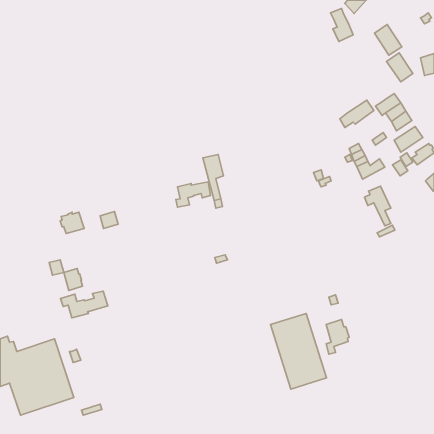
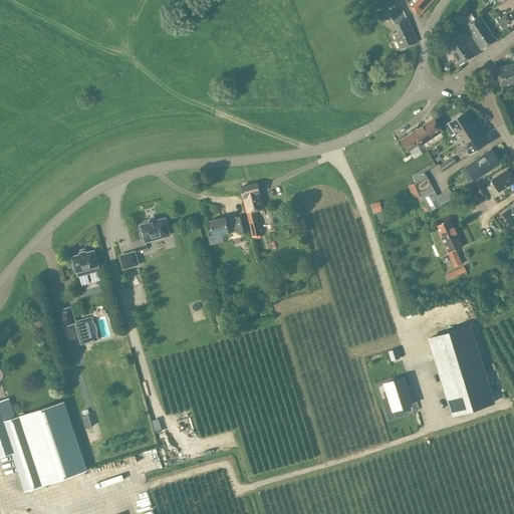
building: [386,53,413,82] -> [465,15,496,49]
building: none -> [140,218,170,241]
building: [61,291,108,318] -> none
building: [270,313,326,389] -> [429,325,495,415]

